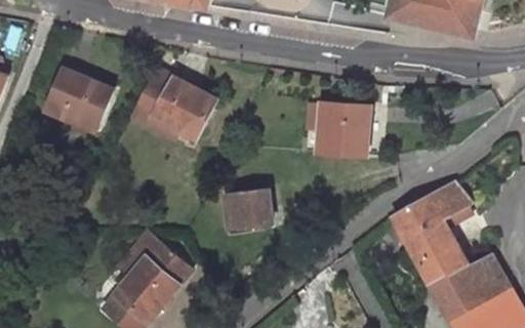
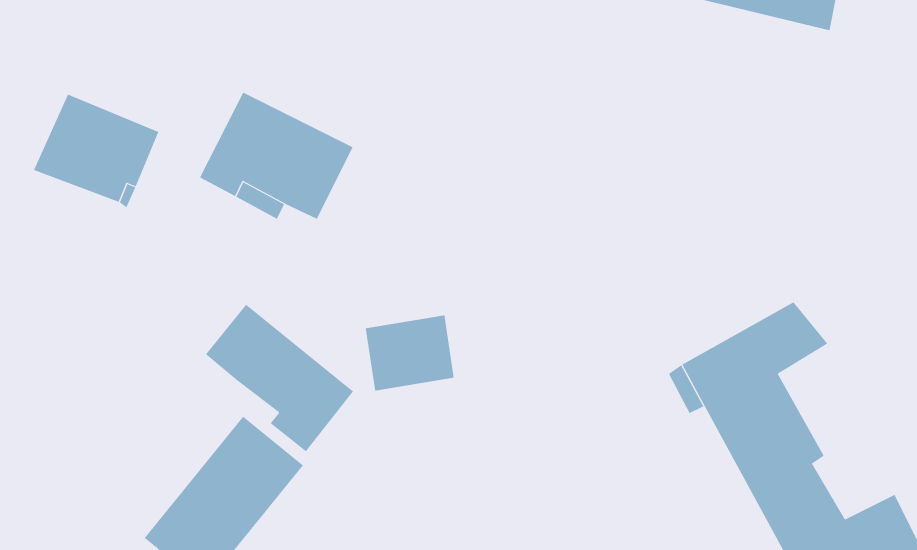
building: [318,101,370,154] -> none
building: none -> [205,304,354,452]
building: [463,253,508,297] -> none

